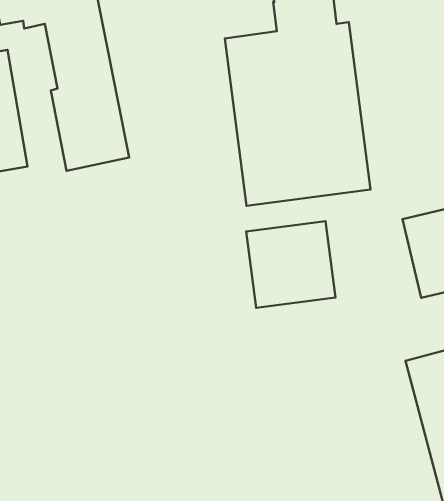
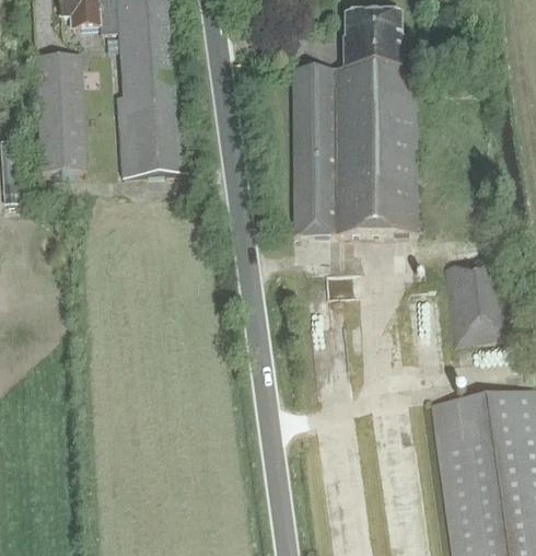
building: [246,221,335,308] -> none

